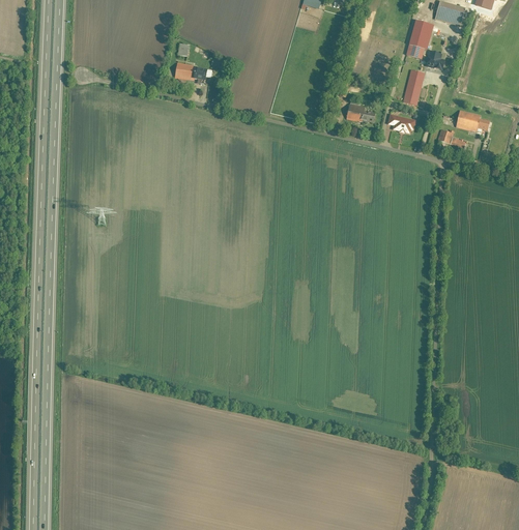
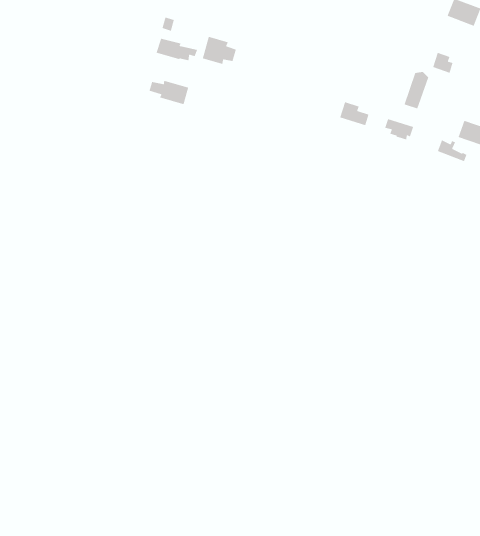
building: [406,14,433,58] -> none
building: none -> [202,36,237,65]
building: none -> [149,80,189,105]

